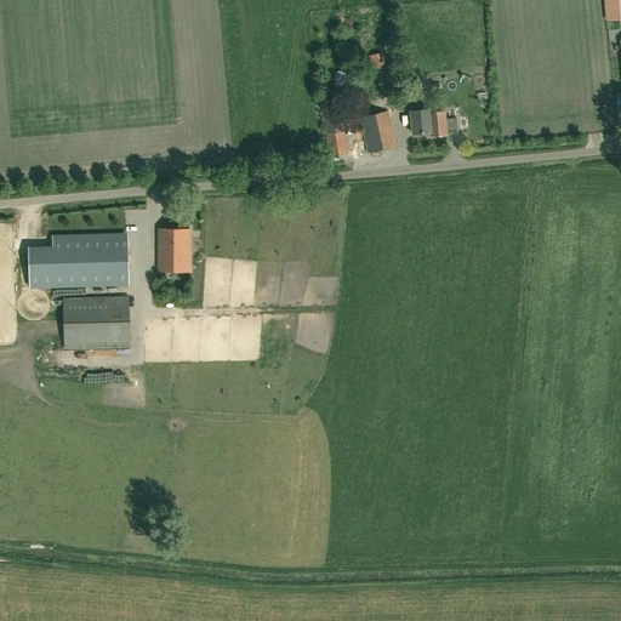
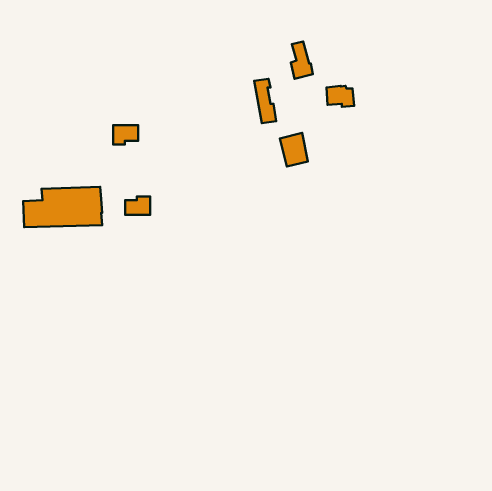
building: [361,109,397,152] -> [280,133,308,166]
building: [158,228,189,252] -> [113,125,138,145]
building: [63,296,130,348] -> none

